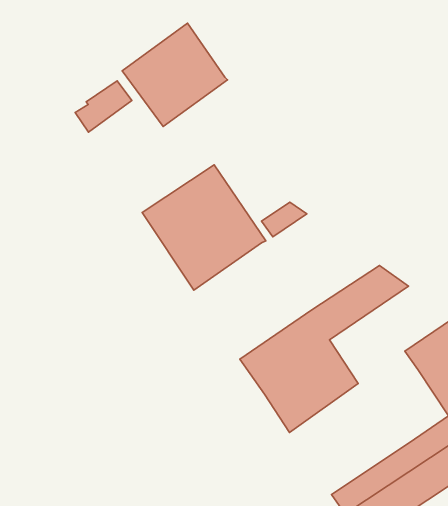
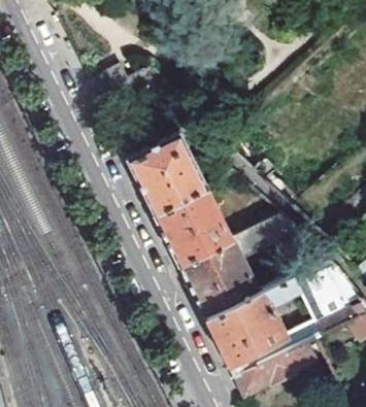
building: [122,23,228,127] -> none
building: none -> [155,190,232,266]
building: none -> [206,275,298,365]

